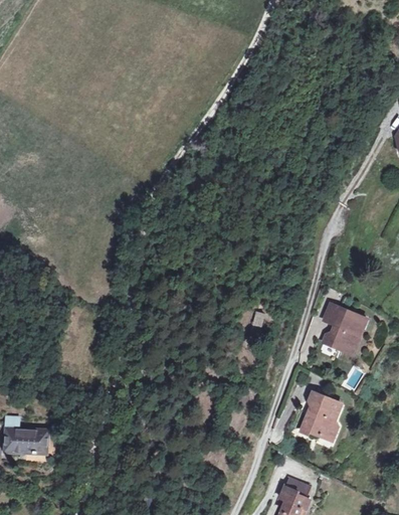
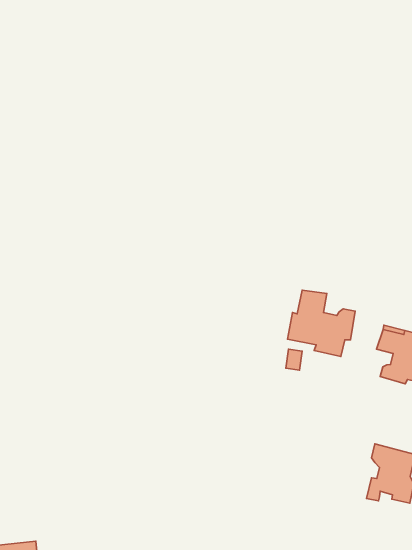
building: none -> [287,290,355,357]

